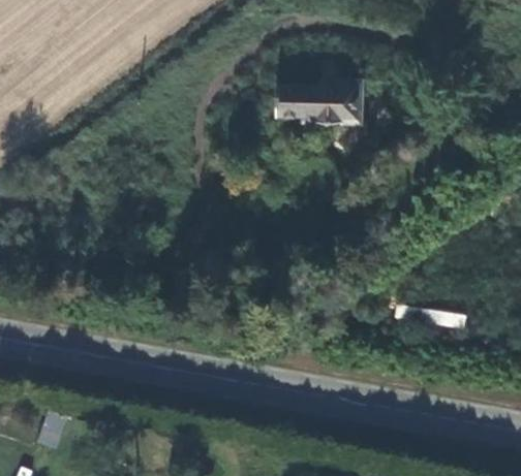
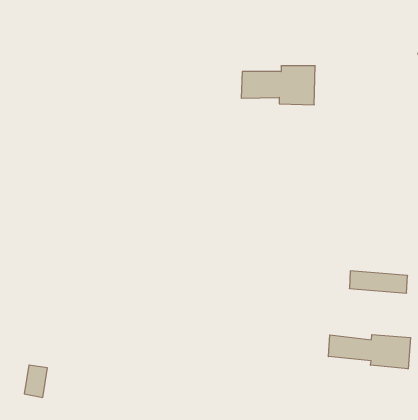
building: none -> [328,335,411,369]

